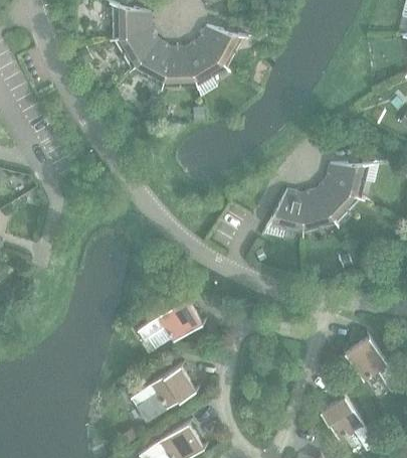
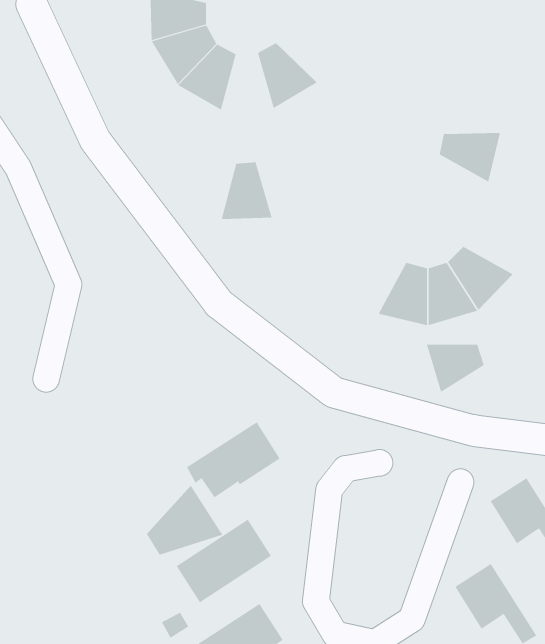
building: [198,26,243,66] -> none
building: [161,46,196,86] -> [221,162,272,219]
building: [326,163,368,197] -> [439,132,501,183]
building: none -> [426,344,484,393]
building: none -> [146,485,223,556]

